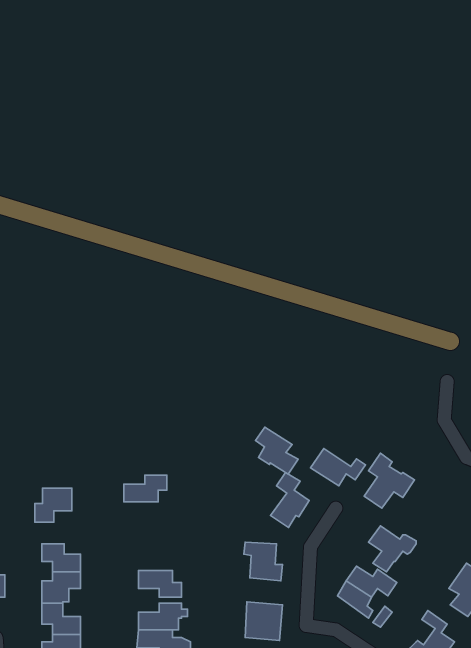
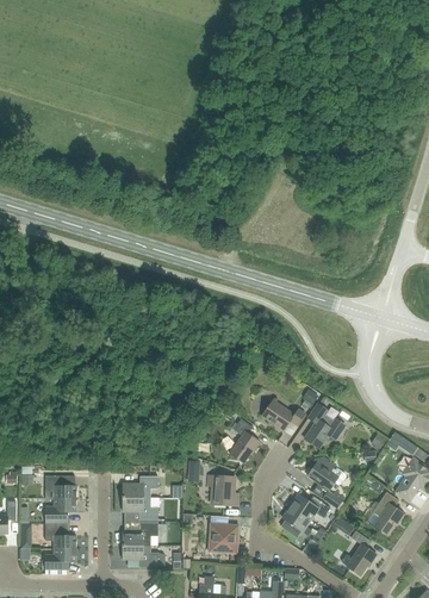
building: [255,427,298,474] -> none
building: [124,475,167,502] -> [123,475,157,497]
building: [35,488,72,522] -> none

